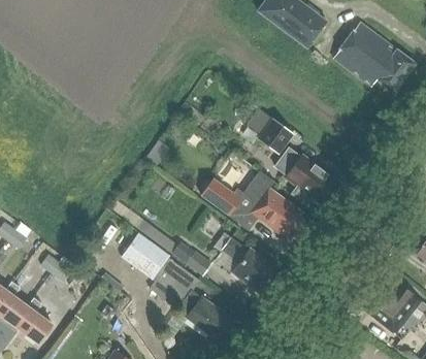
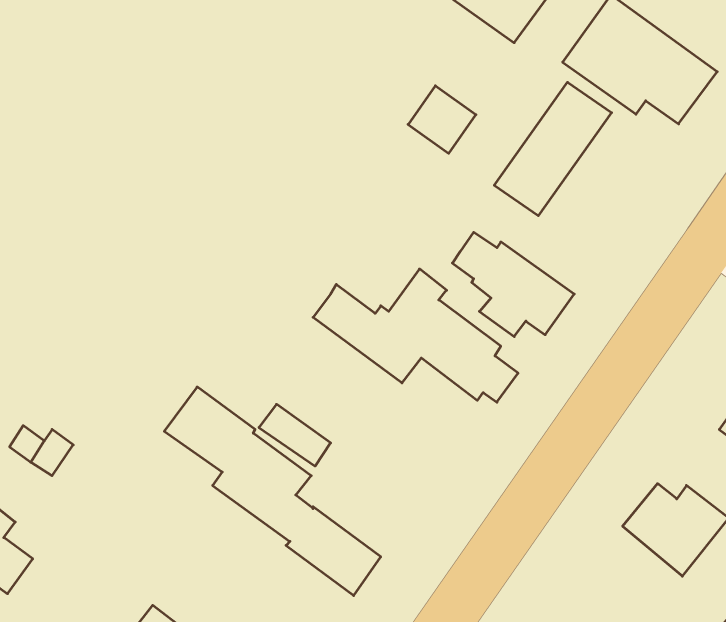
building: none -> [494,82,612,216]
building: [255,117,291,153] -> [408,86,476,153]
building: [221,236,276,291] -> none

